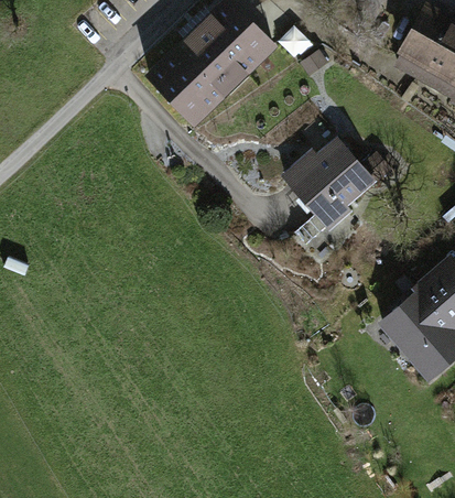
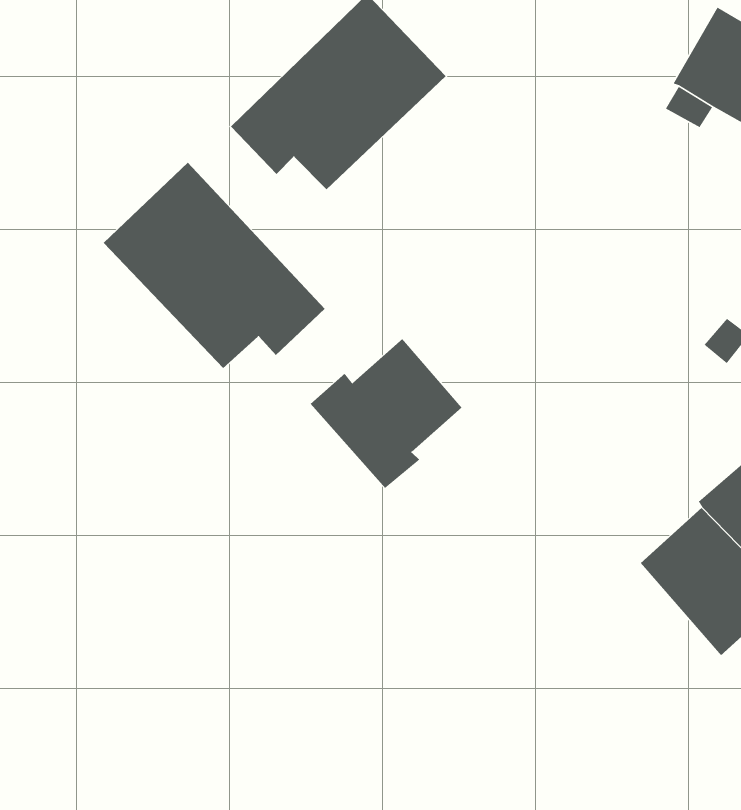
building: none -> [103,162,325,369]
building: [285,141,372,227] -> [310,338,463,489]

